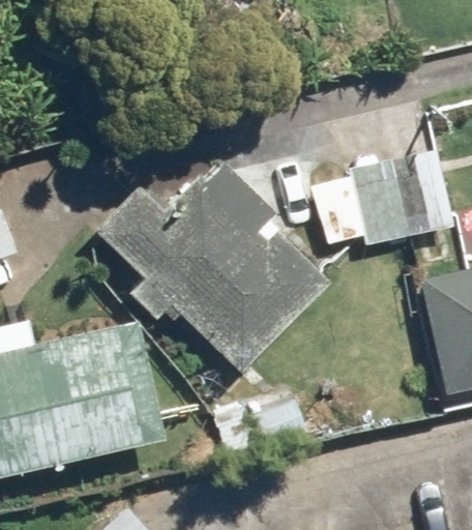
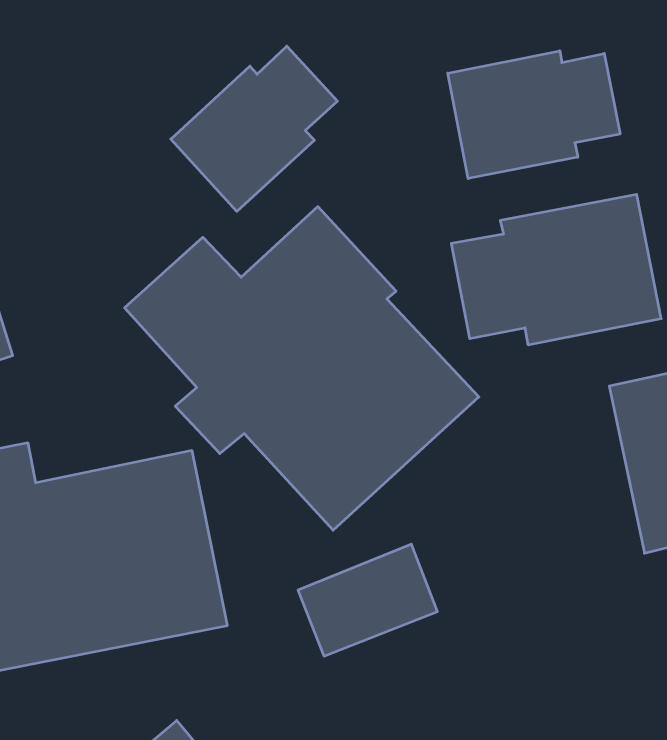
building: none -> [171,46,337,211]
building: none -> [448,51,620,179]

